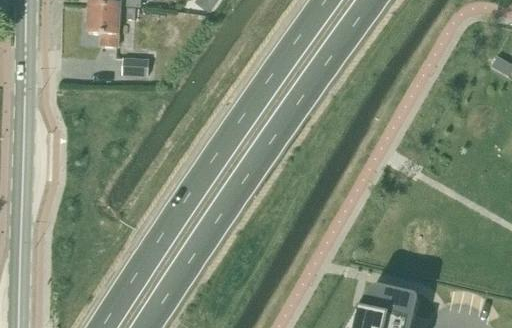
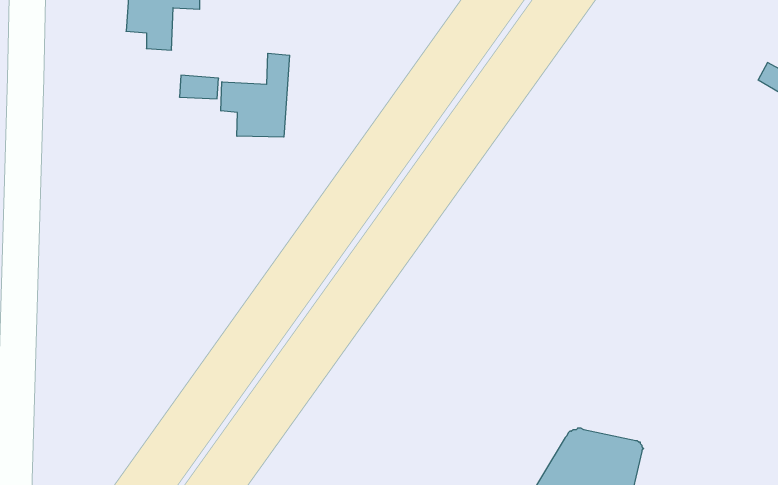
building: none -> [221,53,290,137]

